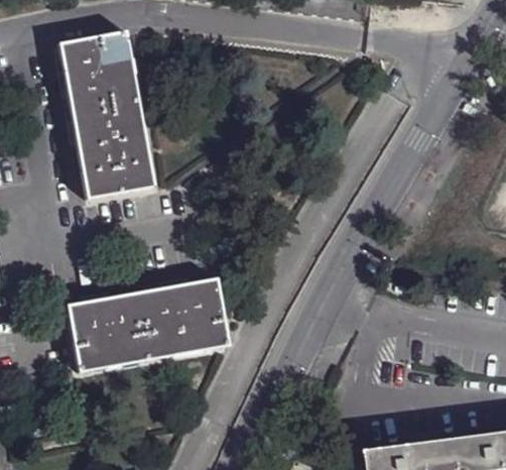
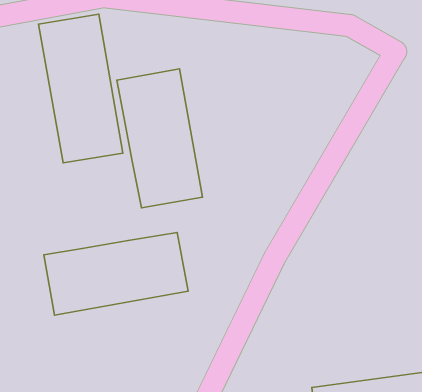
building: none -> [117,69,203,208]

